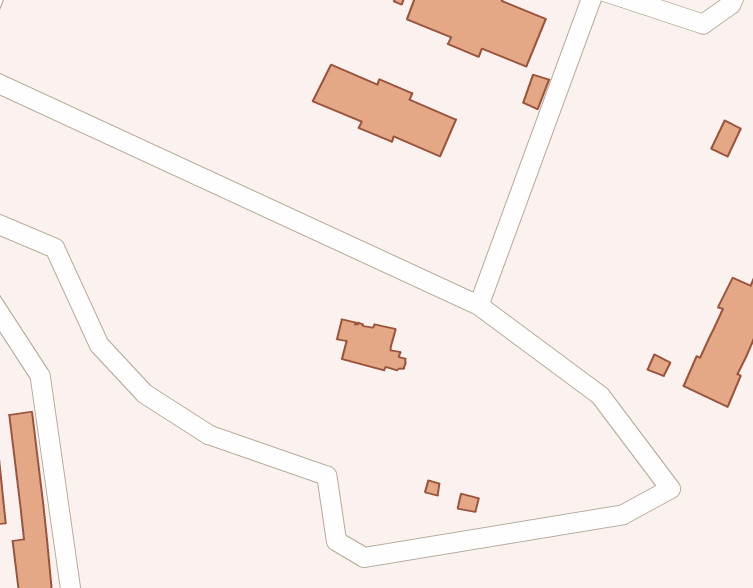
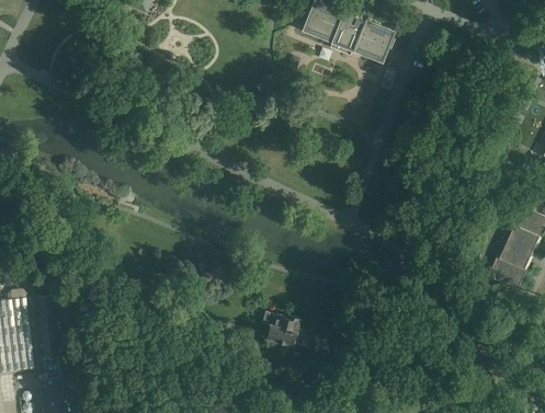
building: [313,65,456,156] -> none
building: [337,319,406,370] -> [261,311,307,345]

